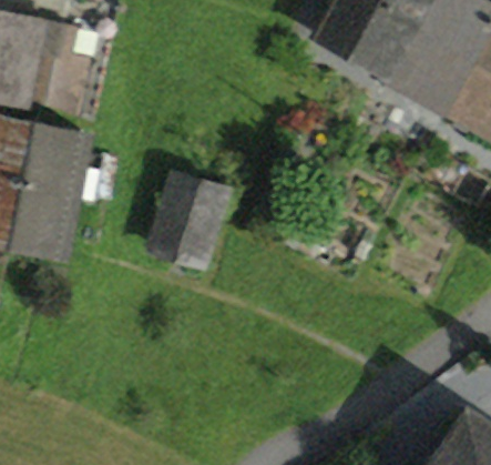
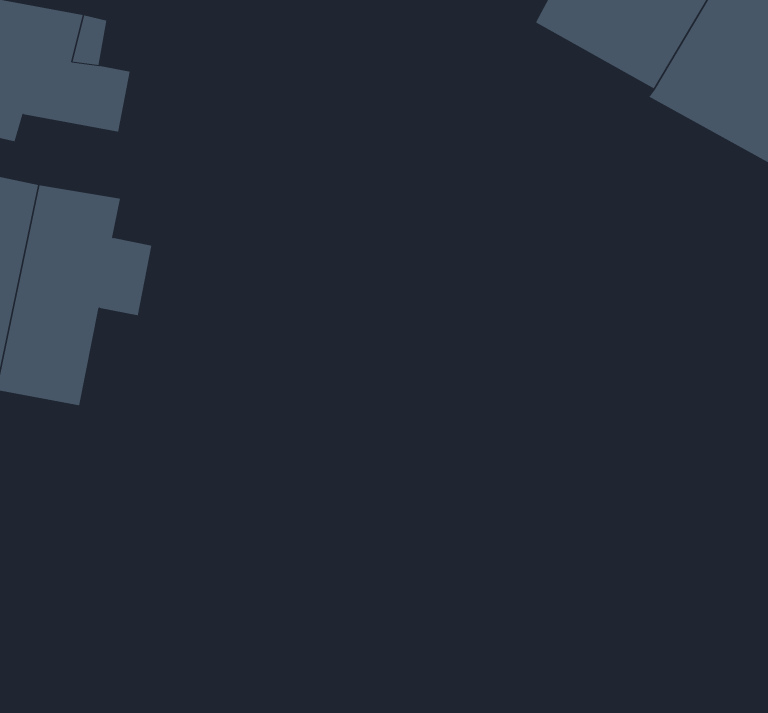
building: [154,176,224,264] -> none

